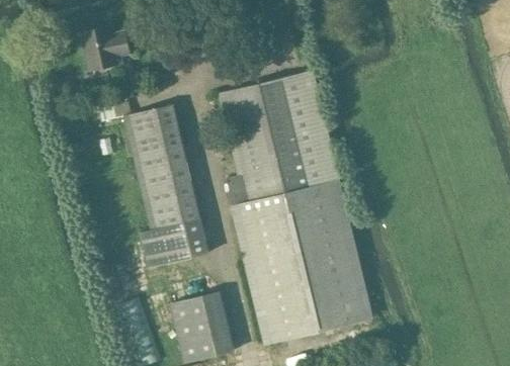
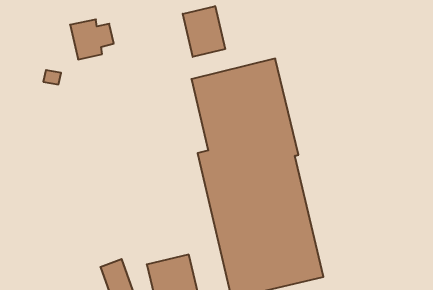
building: none -> [183,6,225,57]
building: [123,104,210,269] -> none

